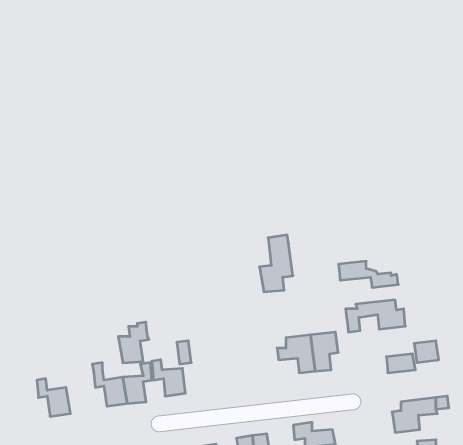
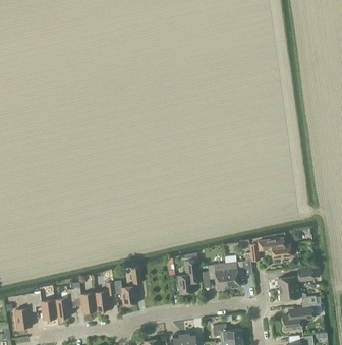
building: [259,235,293,292] -> [177,253,201,293]
building: [339,261,398,287] -> [279,287,321,305]
building: [118,322,149,363] -> [54,289,75,318]
building: none -> [15,293,36,328]

